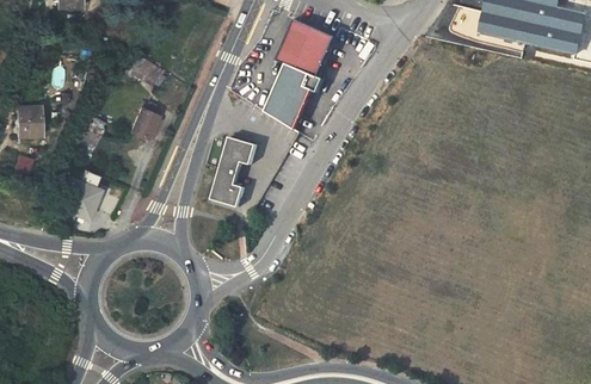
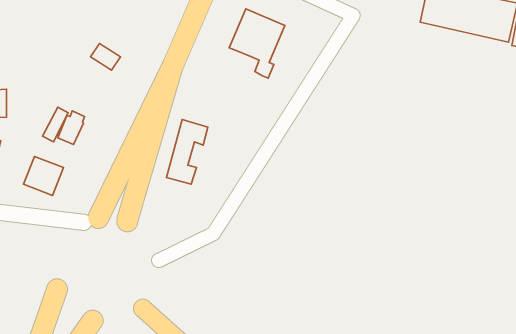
building: [266,63,313,128] -> none
building: [131,101,160,137] -> [58,111,85,145]

